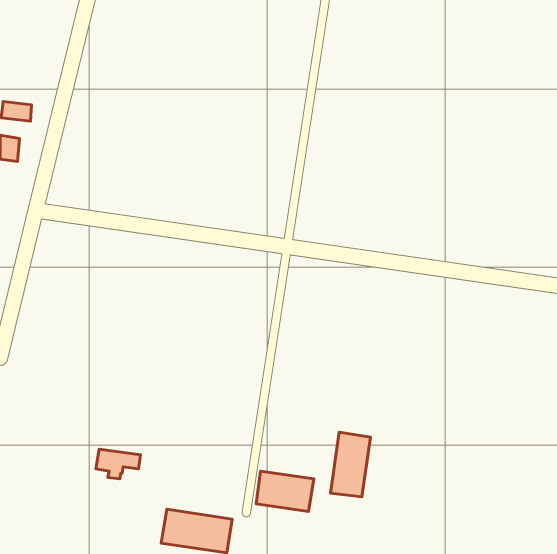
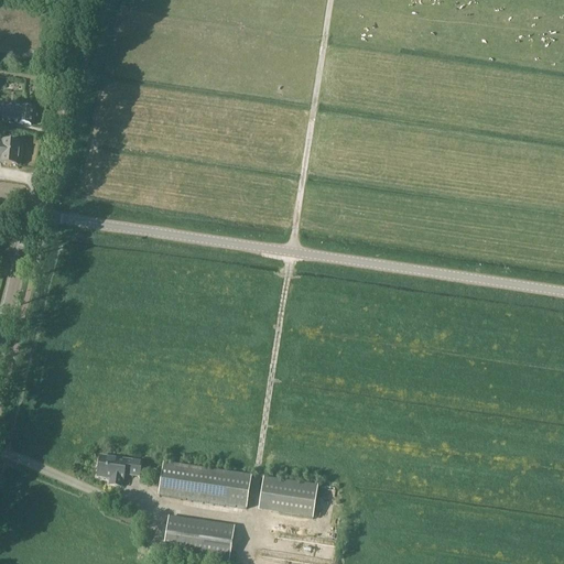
building: [331,432,370,497] -> none
building: none -> [159,459,251,506]

